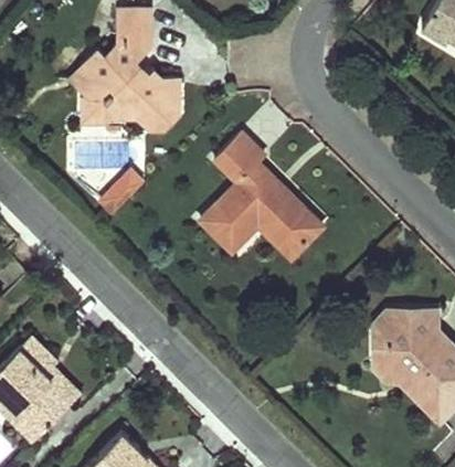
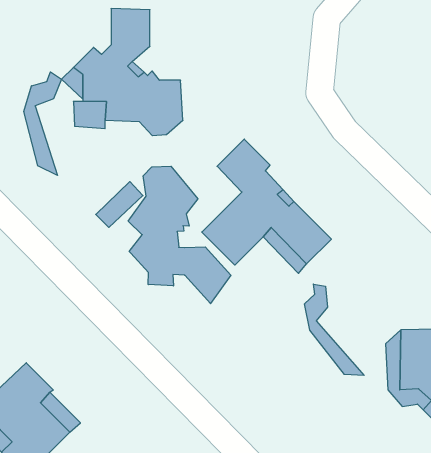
building: none -> [24,72,62,175]
building: none -> [128,166,231,304]
building: none -> [305,284,364,375]

